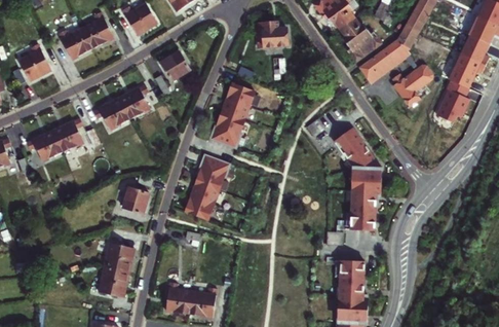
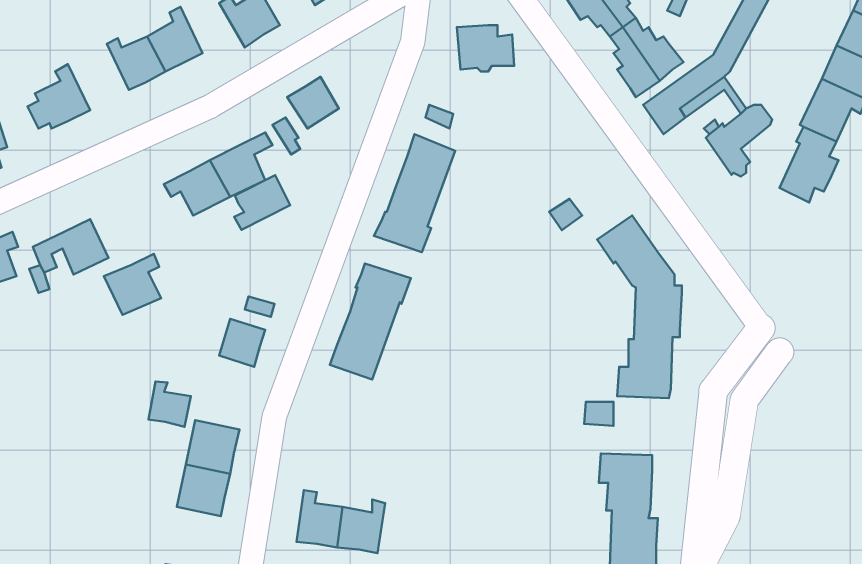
building: none -> [234,175,290,230]
building: [51,118,83,152] -> [104,254,161,315]
building: none -> [148,382,191,427]

